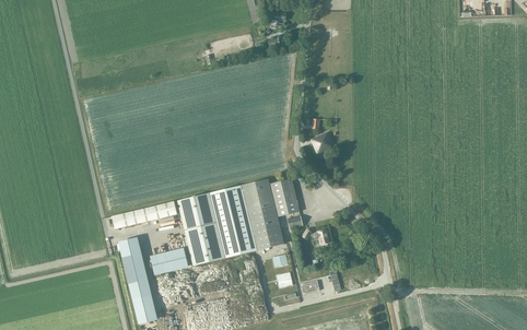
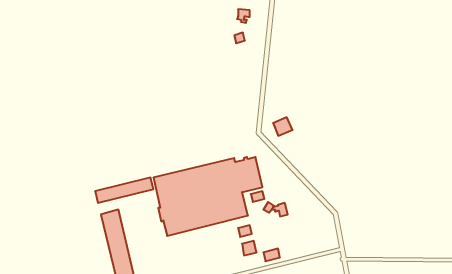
building: [150,247,188,275] -> none

